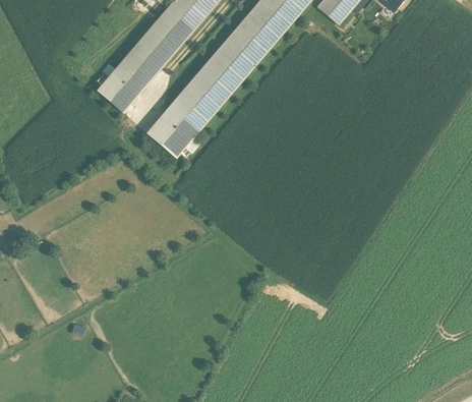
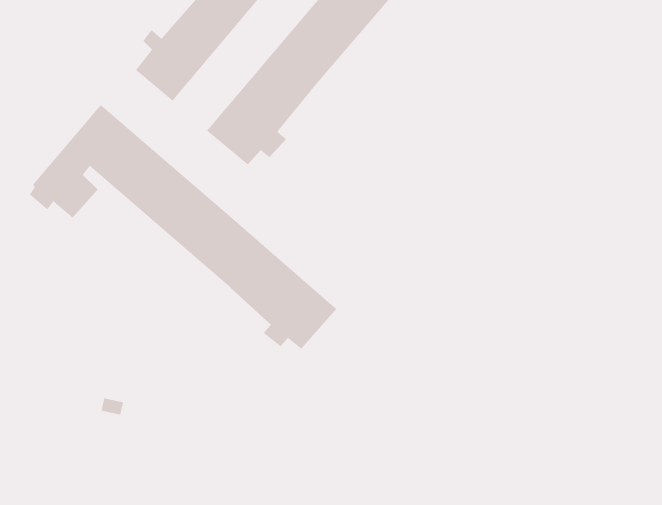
building: none -> [29,104,337,350]

